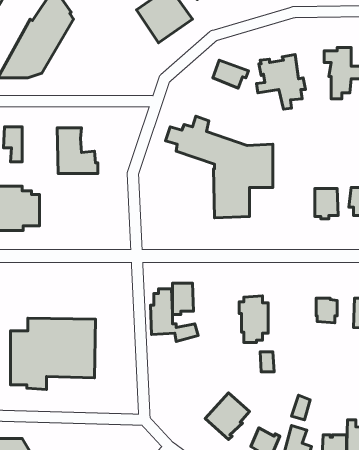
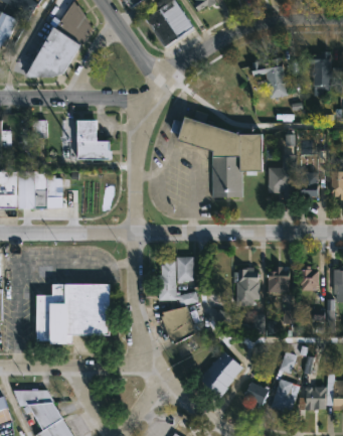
building: [213,60,248,88] -> none
building: none -> [267,167,293,199]
building: none -> [267,264,289,290]
building: none -> [159,304,196,343]

